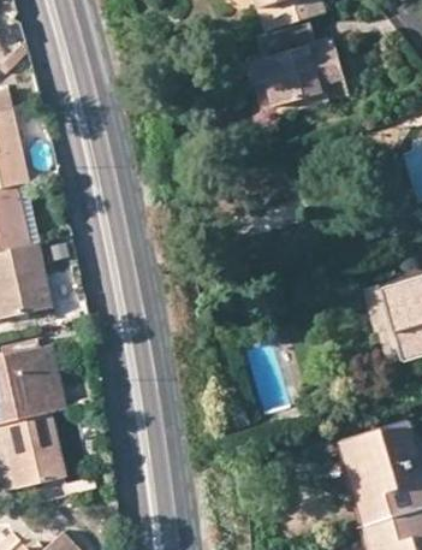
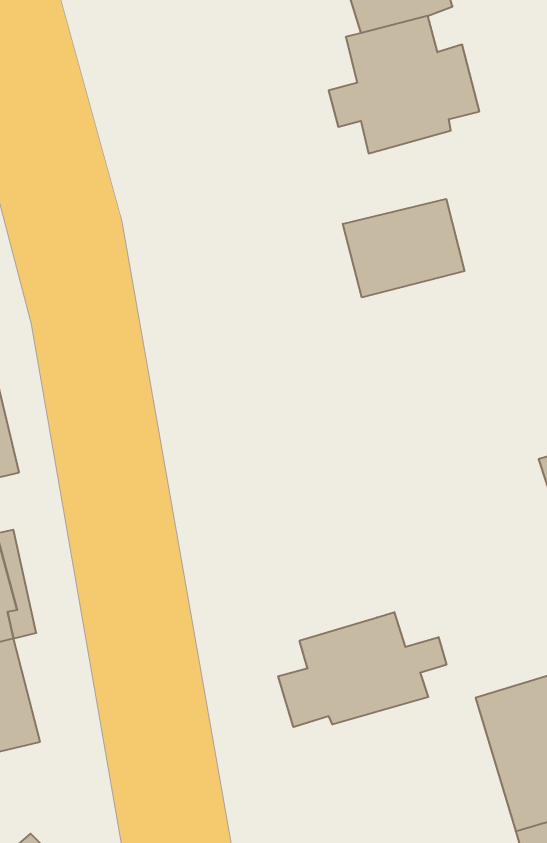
building: none -> [343,199,464,297]
building: none -> [278,612,446,727]

